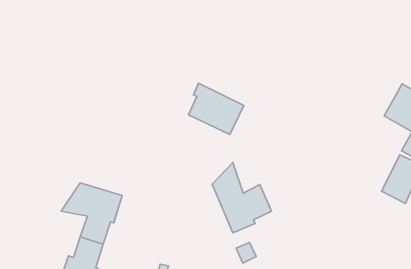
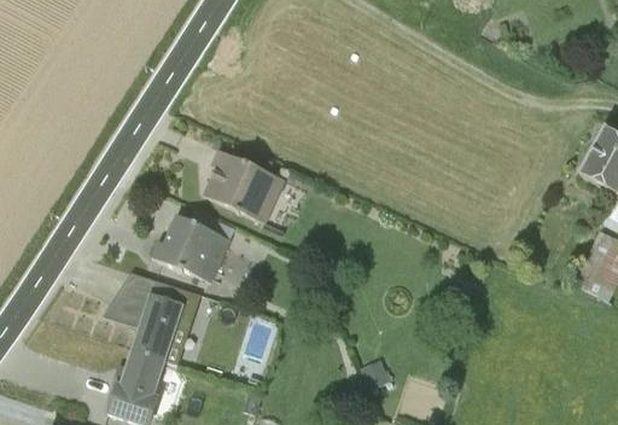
building: [189,83,244,135] -> [204,149,285,223]
building: none -> [151,215,231,281]
building: [212,163,272,233] -> none

